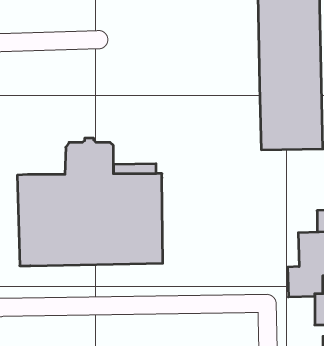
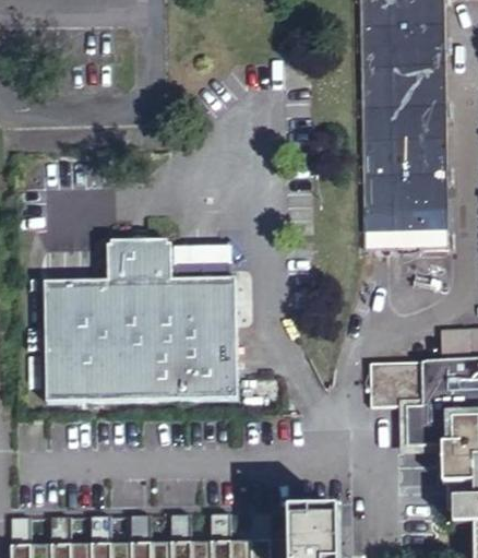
building: none -> [365,360,417,406]

